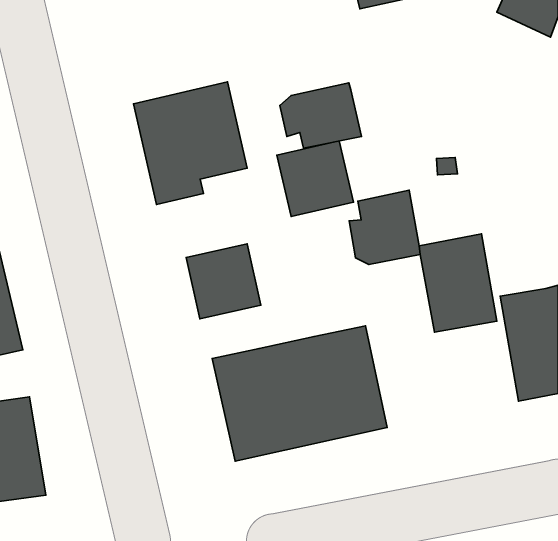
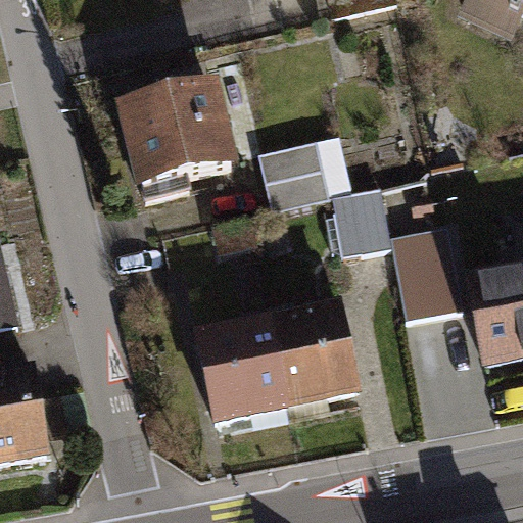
building: [280,83,362,148] -> none
building: [186,244,261,319] -> none

